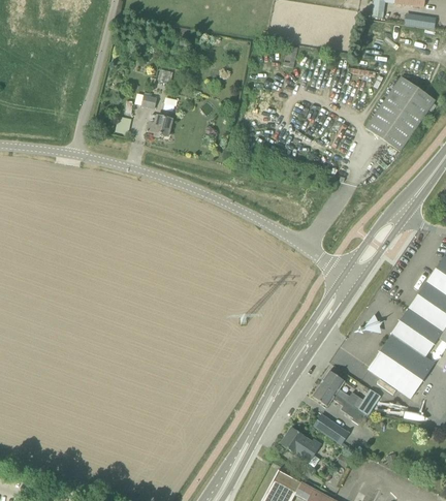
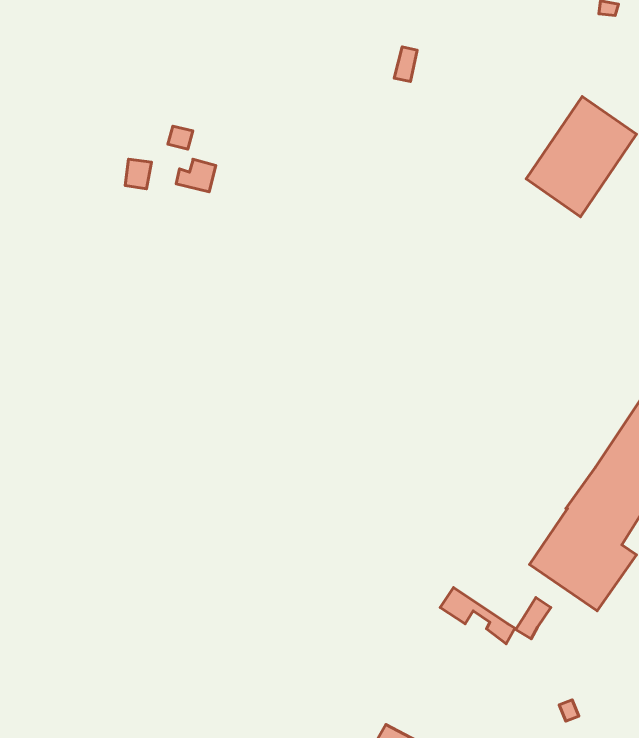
building: [320,370,359,406] -> none
building: [313,414,349,444] -> none
building: [281,427,320,463] -> none

